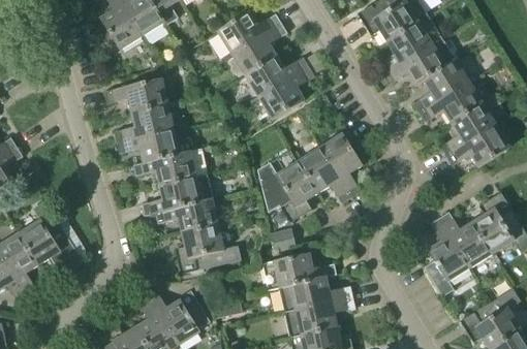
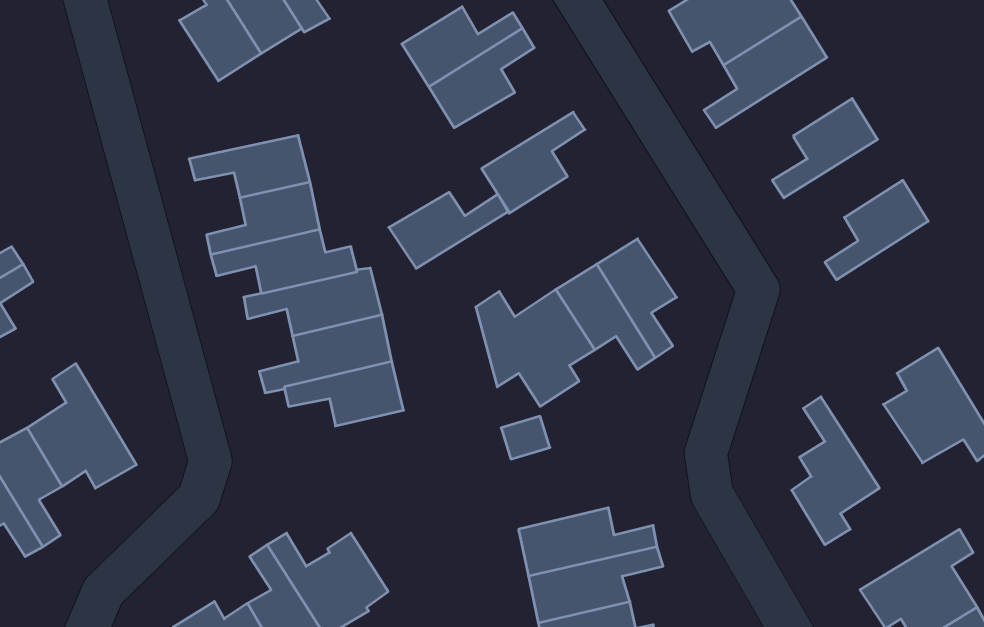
building: [383,38,456,87] -> none
building: [245,57,308,97] -> [389,192,508,268]
building: [420,82,483,123] -> none
building: [447,125,510,167] -> none
building: [439,212,493,266] -> none
building: [175,225,241,274] -> none
building: [261,254,336,291] -> none

